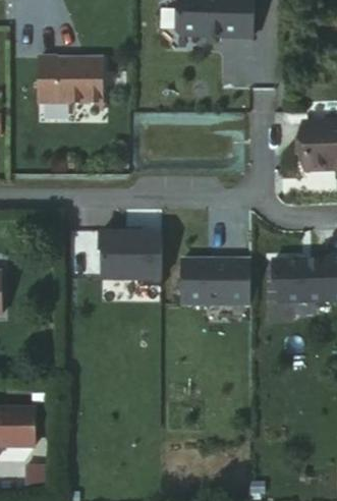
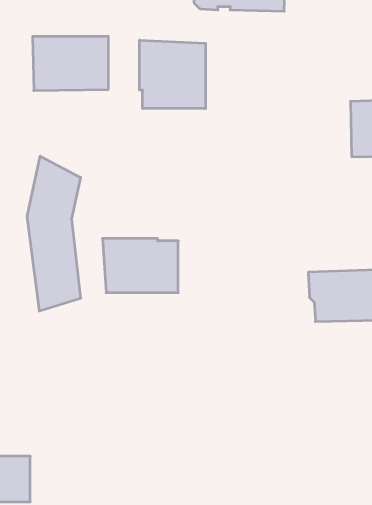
building: none -> [140,40,206,109]
building: none -> [27,156,81,311]
building: [181,260,249,304] -> none

